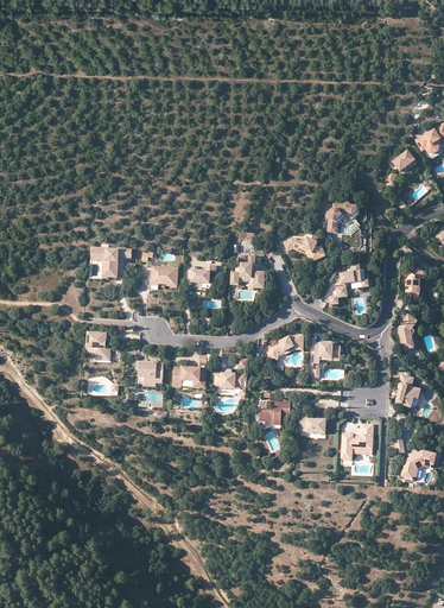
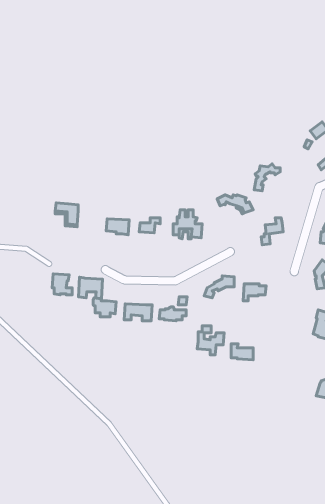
building: none -> [79,277,103,299]
building: [342,424,374,458] -> none

